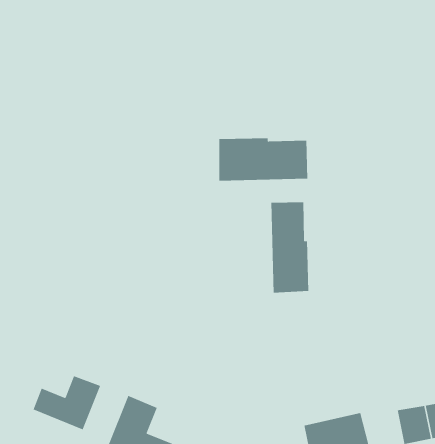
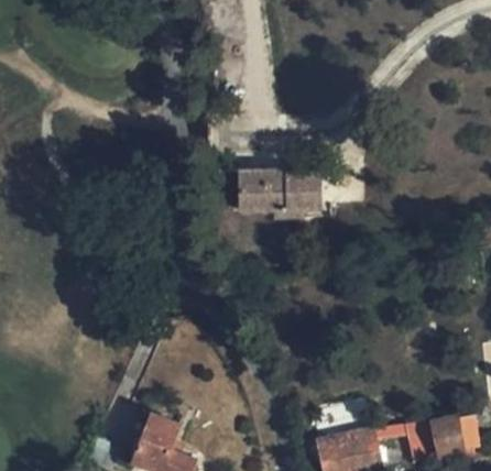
building: [271,201,309,294] -> none
building: [32,375,101,431] -> none

